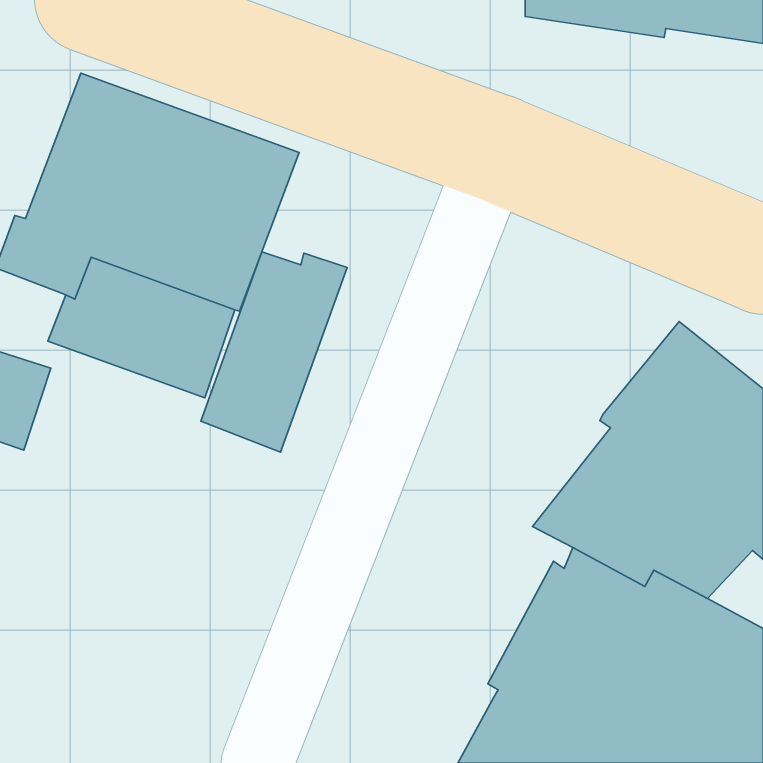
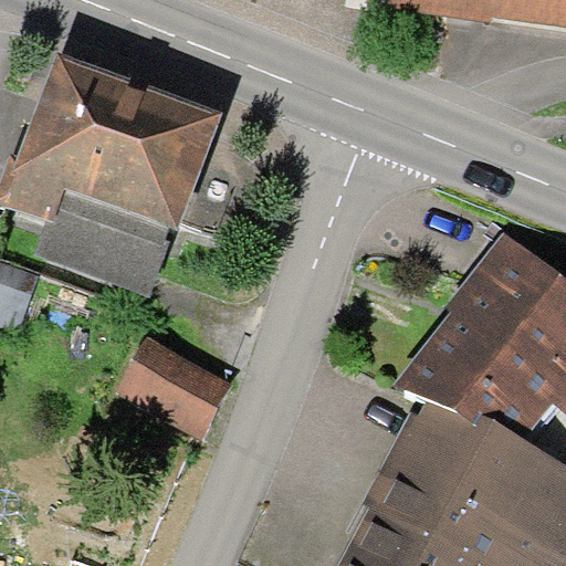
building: [201,252,347,452] -> none
building: none -> [116,337,233,439]

